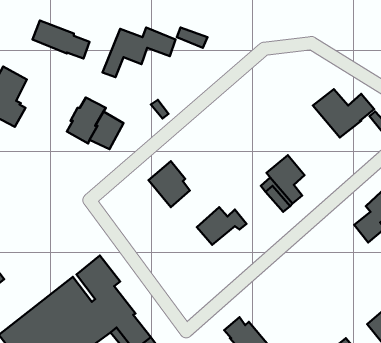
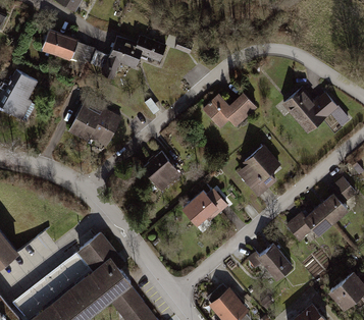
building: none -> [203,94,255,127]
building: none -> [287,207,331,241]
building: none -> [248,245,291,278]

